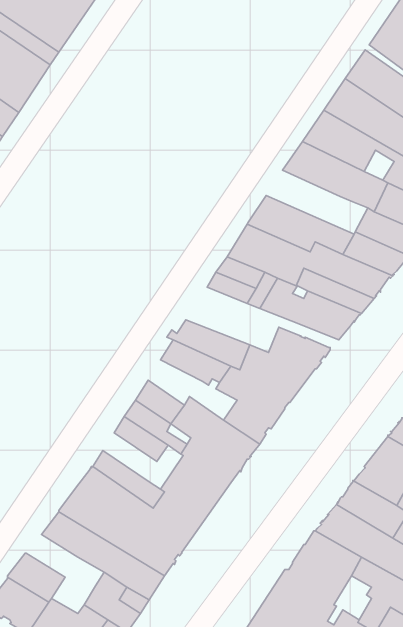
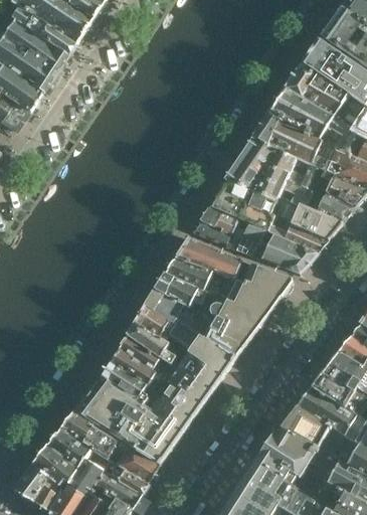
building: none -> [240,138,322,189]
building: none -> [176,238,250,284]
building: none -> [146,290,217,338]
building: none -> [110,348,159,387]
building: none -> [48,430,104,493]

